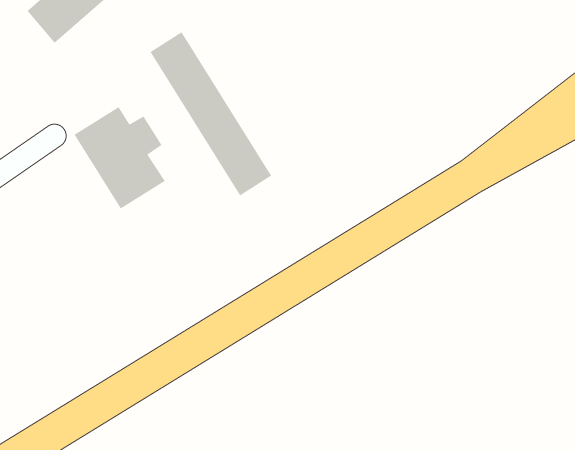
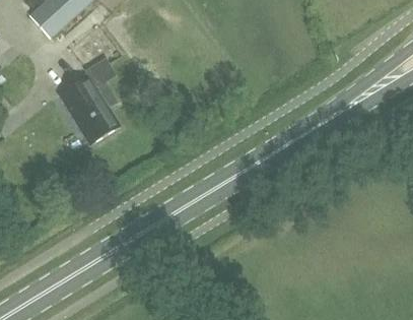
building: [149,31,272,196] -> none

